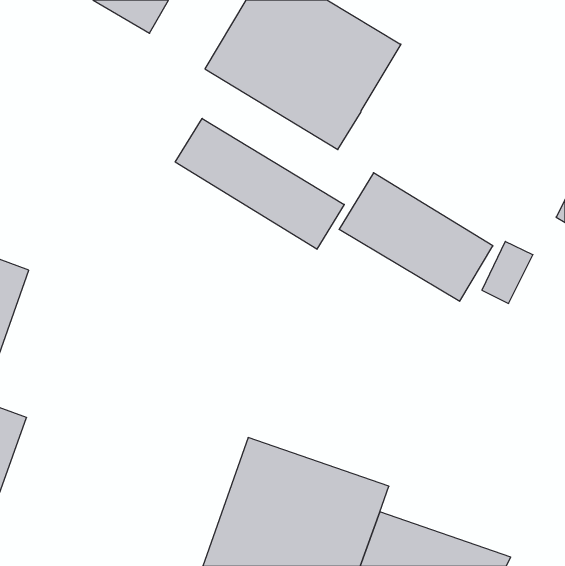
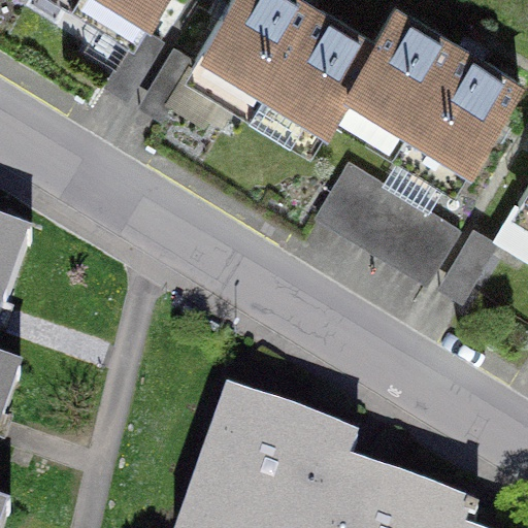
building: none -> [336,6,518,178]
building: [175,118,344,249] -> none

